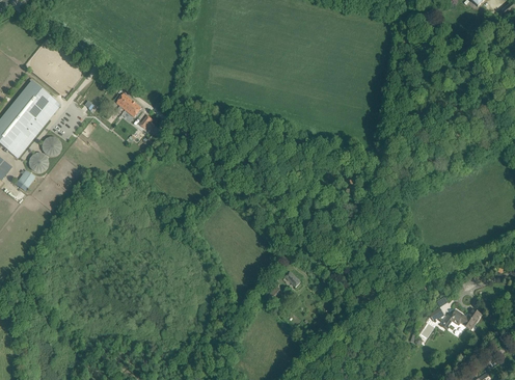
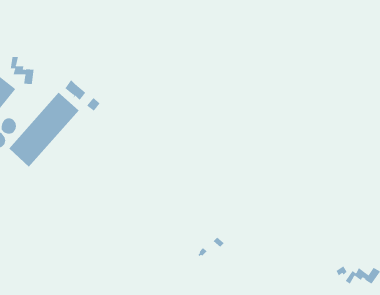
building: none -> [10,56,34,85]
building: none -> [9,92,80,168]

